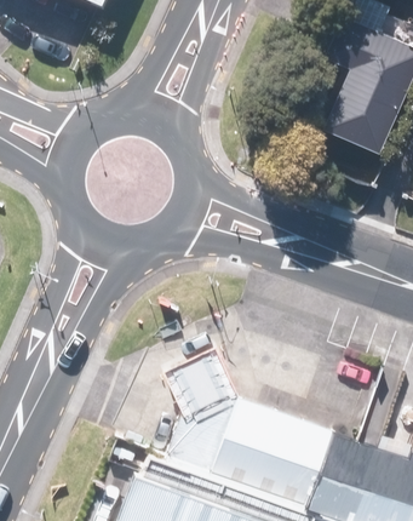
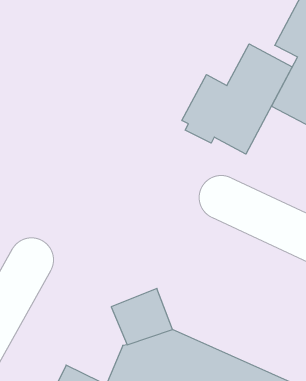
building: none -> [182,44,292,154]

